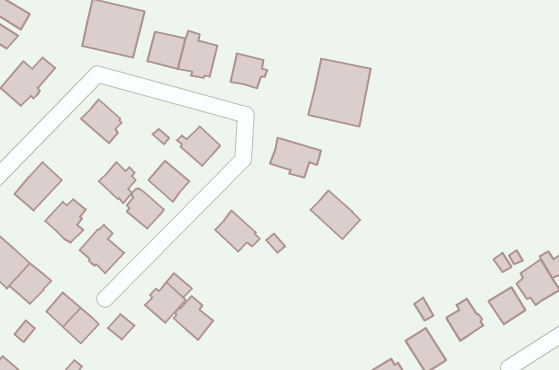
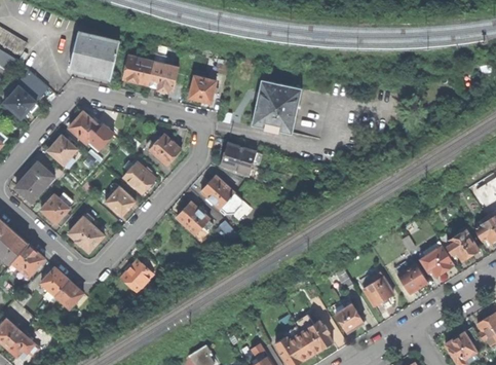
building: [99,162,136,203] -> [47,136,77,169]
building: [310,191,360,239] -> [200,176,240,215]
building: [174,296,213,340] -> none

